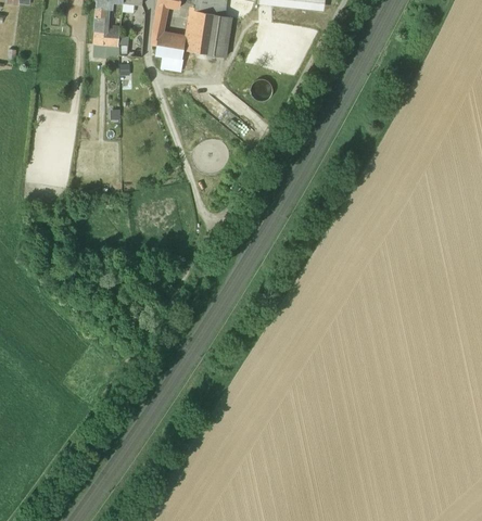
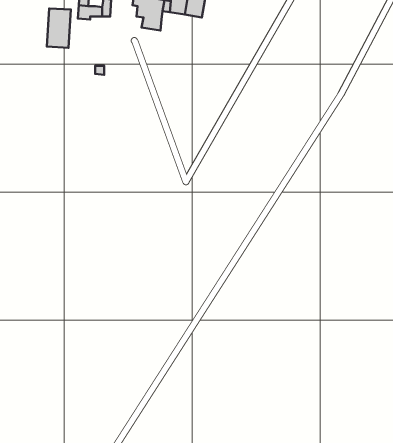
building: none -> [47,8,71,48]

